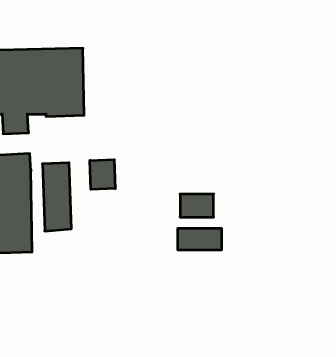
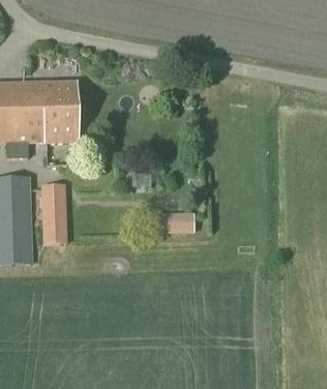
building: [90,160,115,189] -> none
building: [178,228,221,250] -> none

